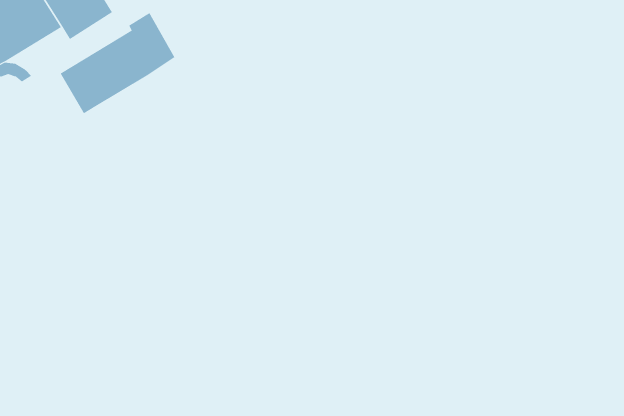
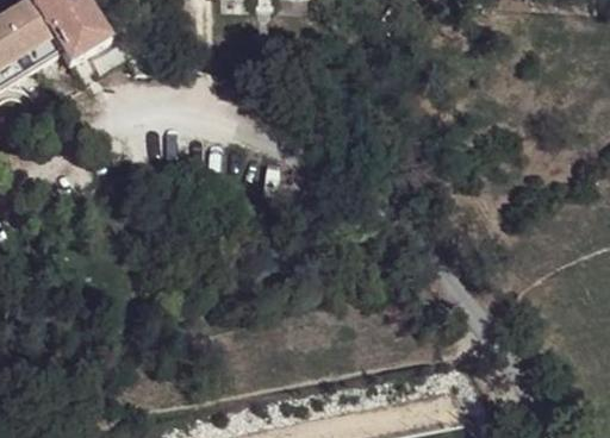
building: [60,12,175,114] -> none

